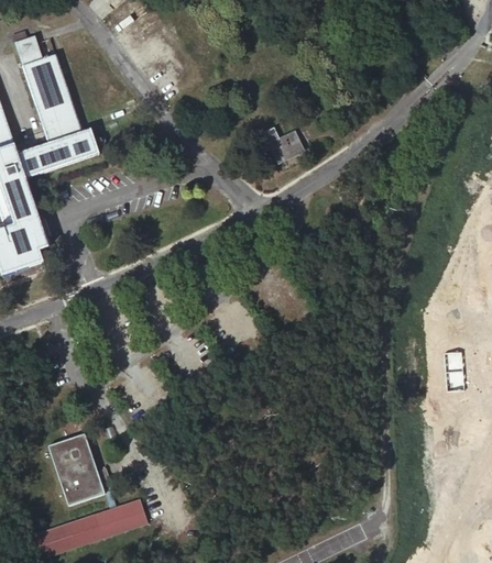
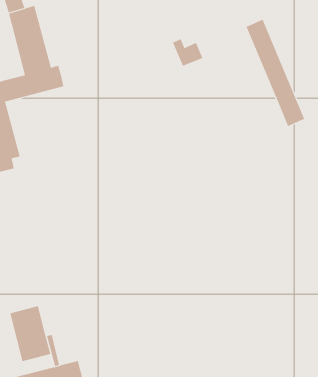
building: none -> [246,19,305,127]
building: [262,128,303,163] -> [172,39,203,67]

